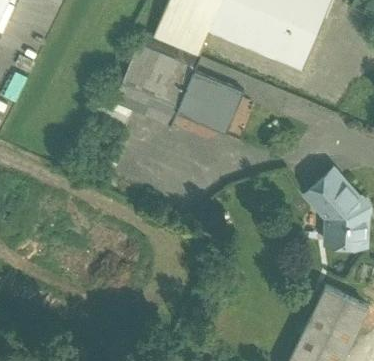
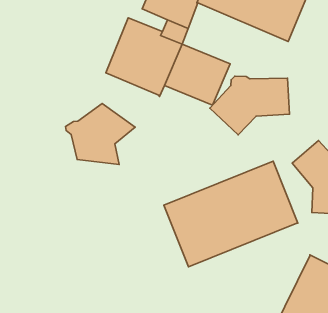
building: none -> [210,76,289,135]
building: none -> [66,104,135,164]
building: none -> [164,161,298,267]

